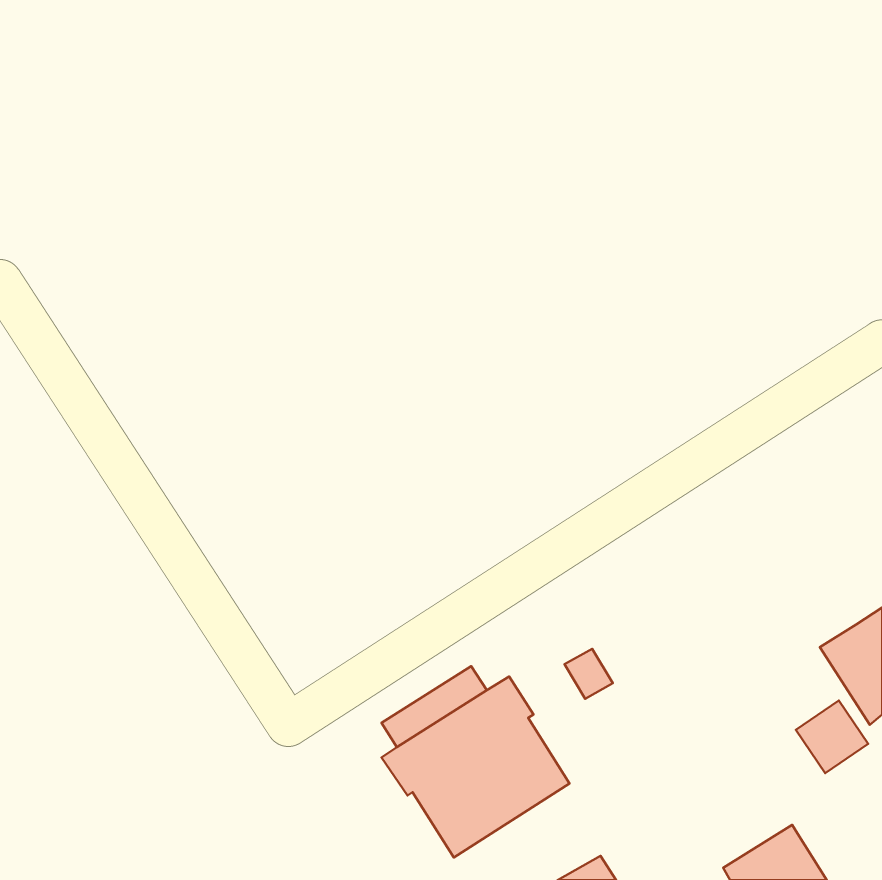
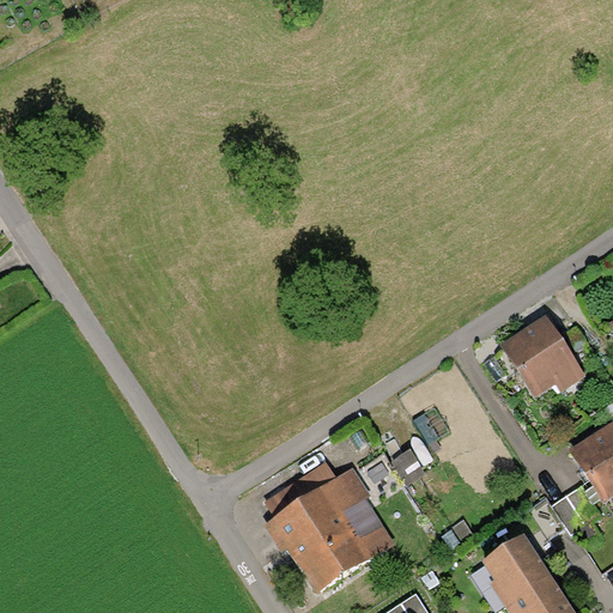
building: none -> [500,316,587,399]
building: none -> [482,535,550,602]

